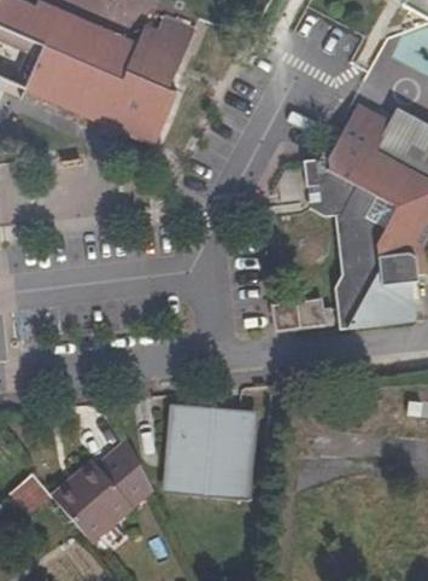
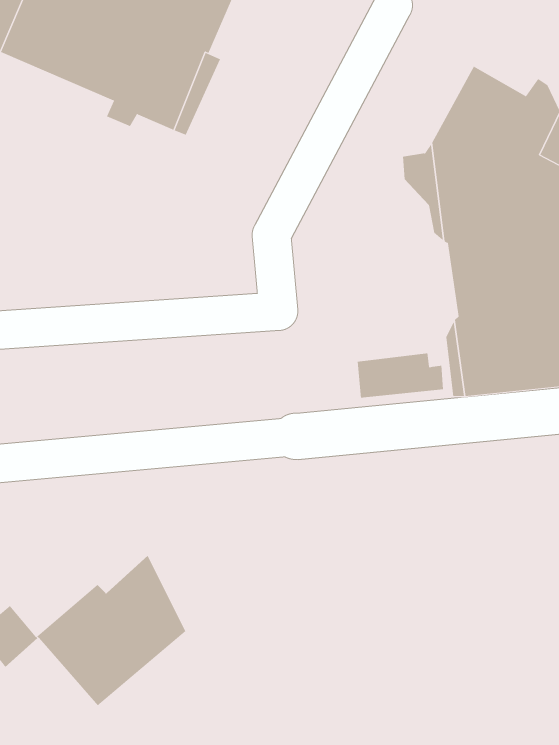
building: [159,402,257,499] -> none

